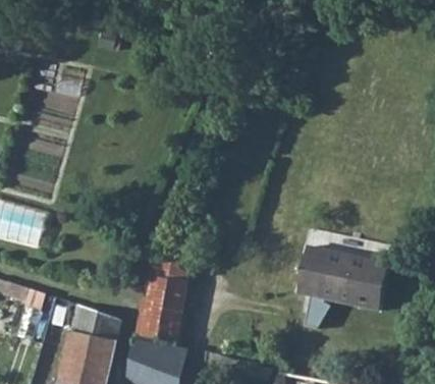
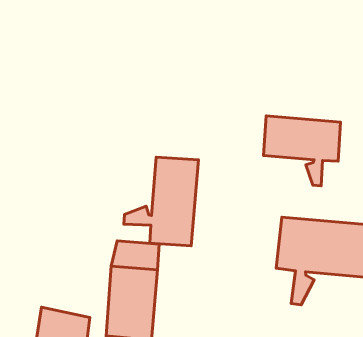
building: none -> [264,116,341,186]
building: none -> [124,157,199,246]

